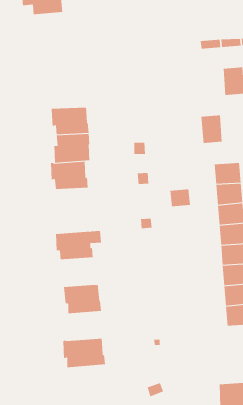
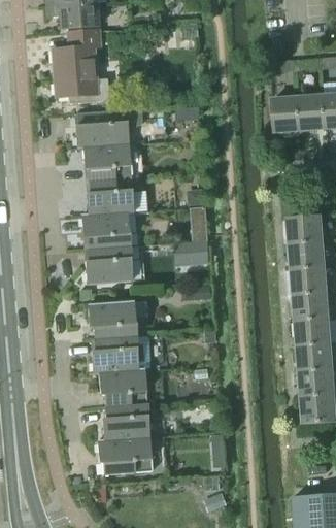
building: none -> [52,31,107,104]
building: none -> [75,110,142,148]
building: [200,115,223,143] -> [273,97,301,133]
building: none -> [85,248,130,284]
building: [170,189,191,207] -> [181,242,208,265]
building: none -> [91,335,149,373]
building: none -> [101,403,147,440]

